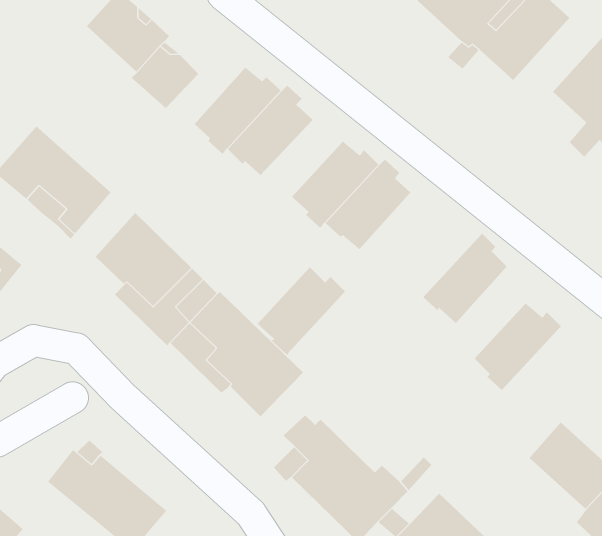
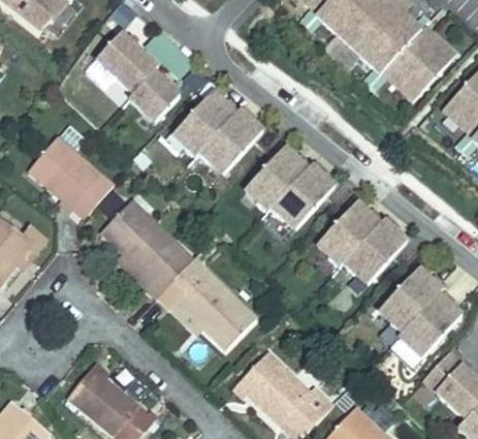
building: [257,266,346,356] -> [318,199,384,265]
building: none -> [400,286,464,354]

